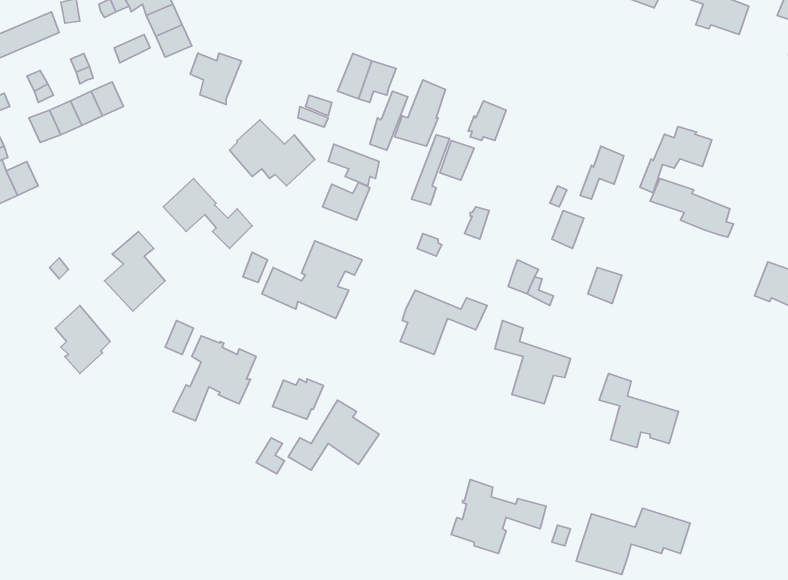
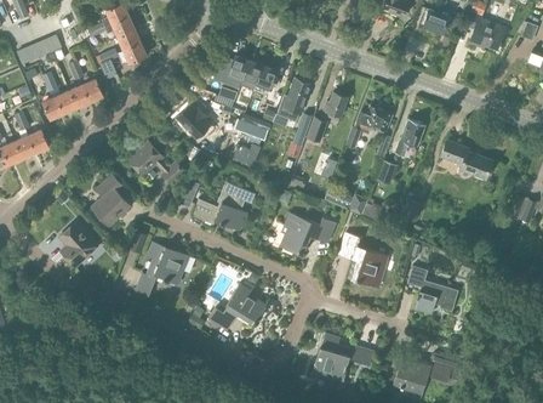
building: [190,53,241,104] -> [217,56,250,89]
building: [640,127,712,193] -> [345,106,391,148]
building: [272,379,323,419] -> none

